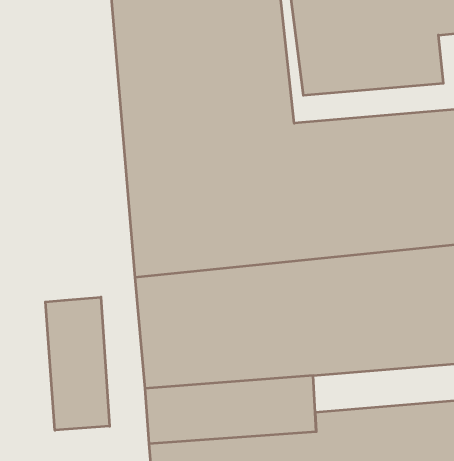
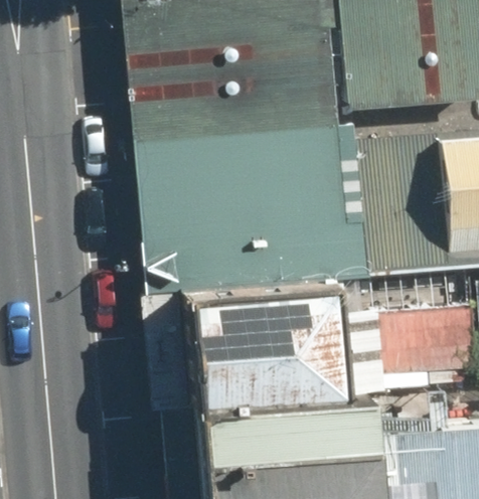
building: [45,297,110,430] -> none

